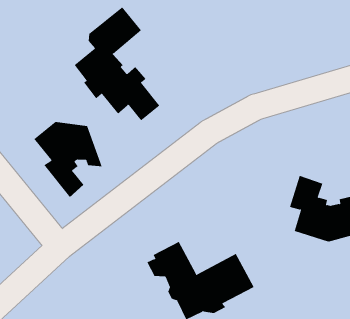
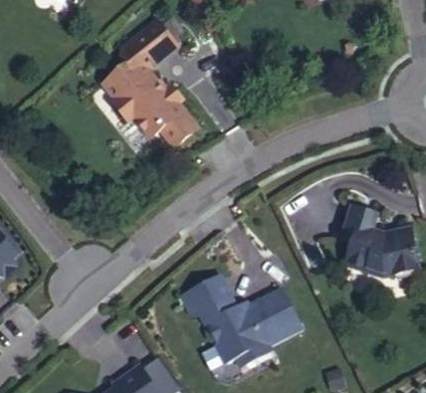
building: [34,121,102,198] -> none

